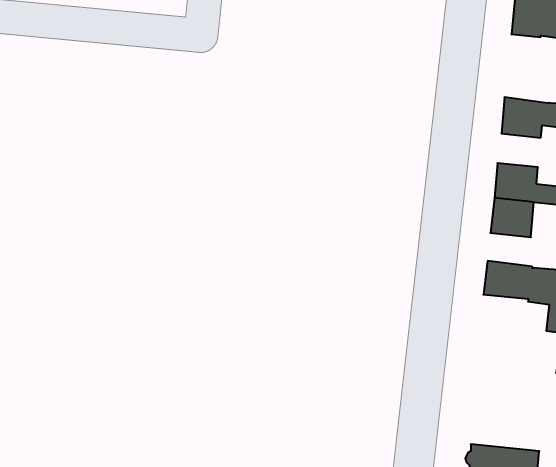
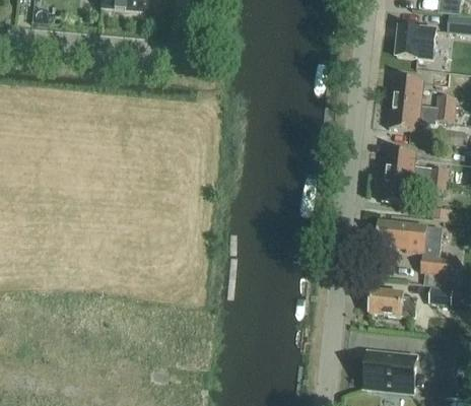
building: none -> [391,75,423,105]
building: none -> [368,288,416,315]

